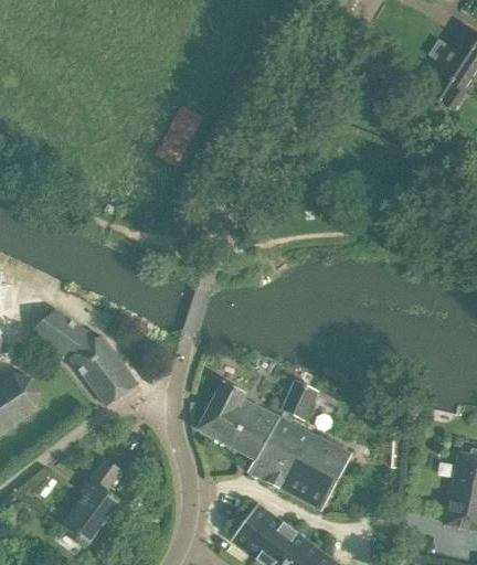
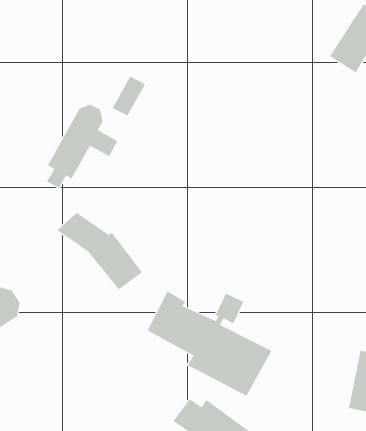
building: none -> [46,104,118,189]
building: [31,310,137,406] -> [57,212,143,290]
building: [63,459,120,542] -> none

